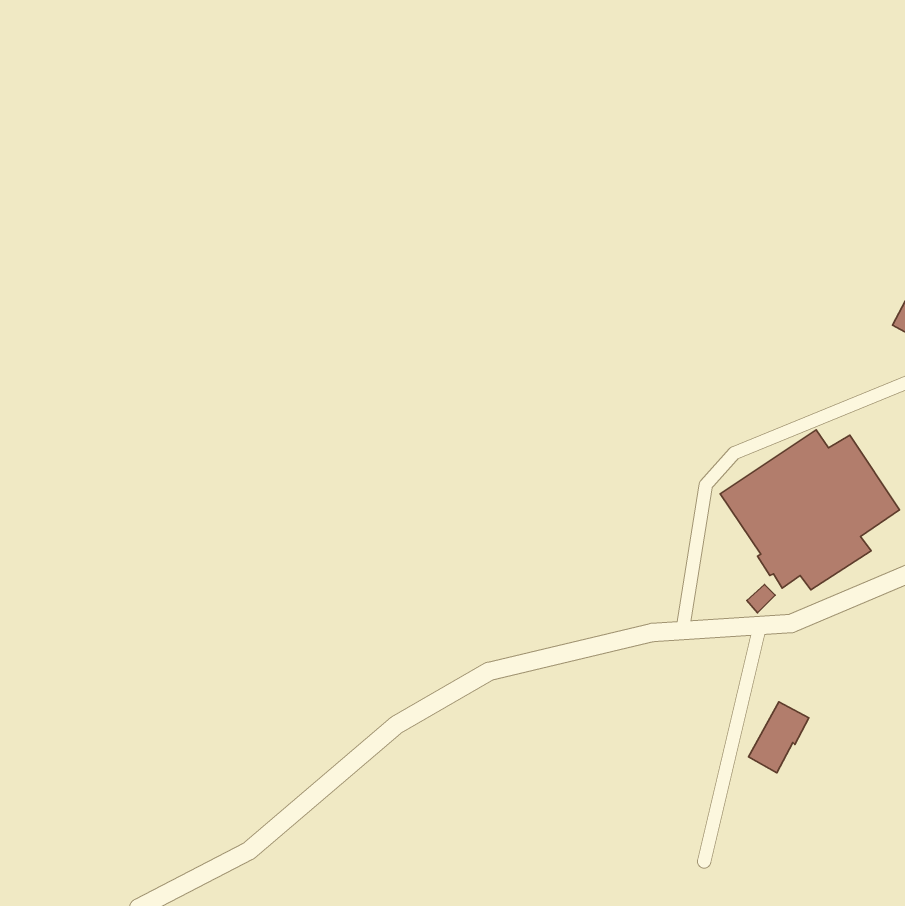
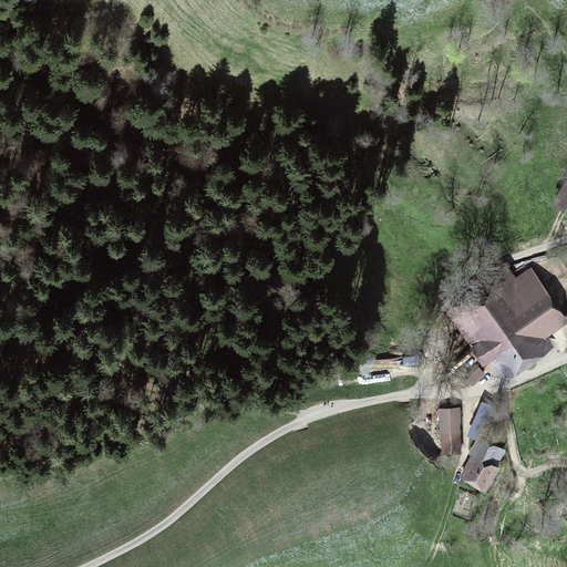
building: none -> [442,409,462,452]

